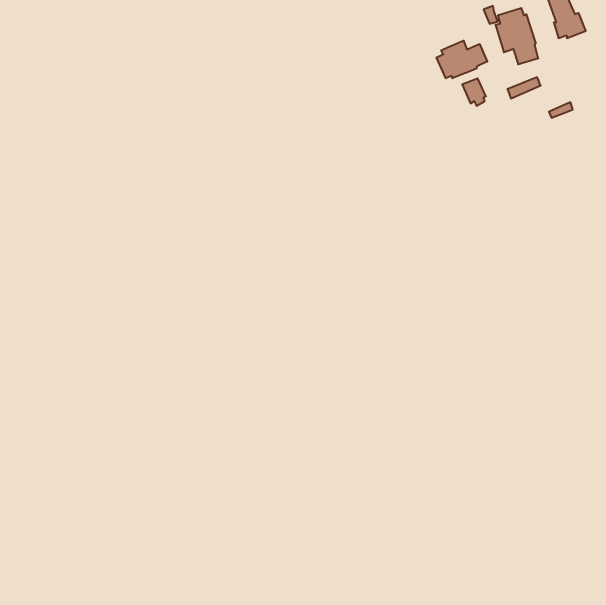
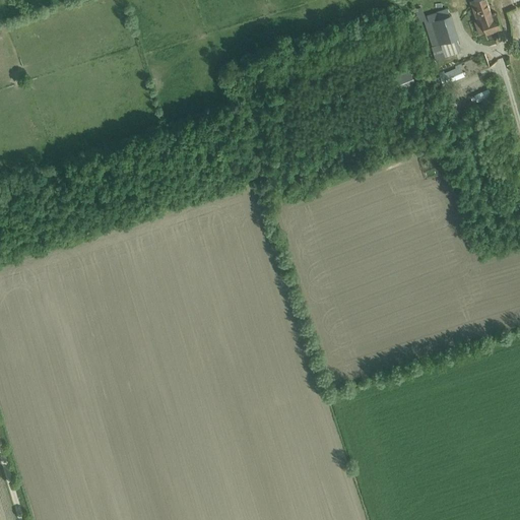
building: [437,41,487,78] -> none

